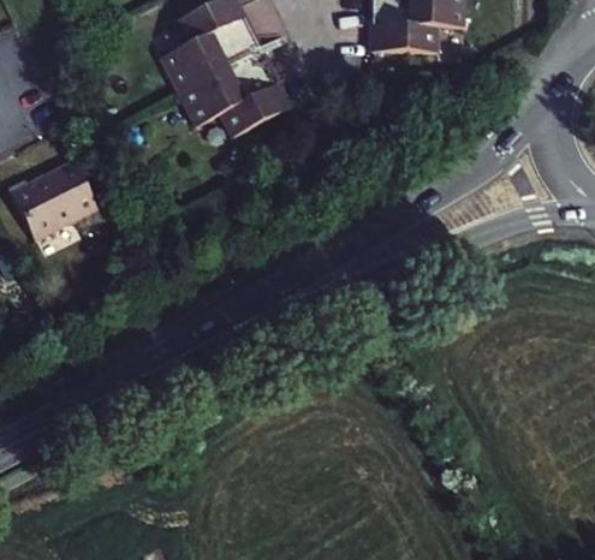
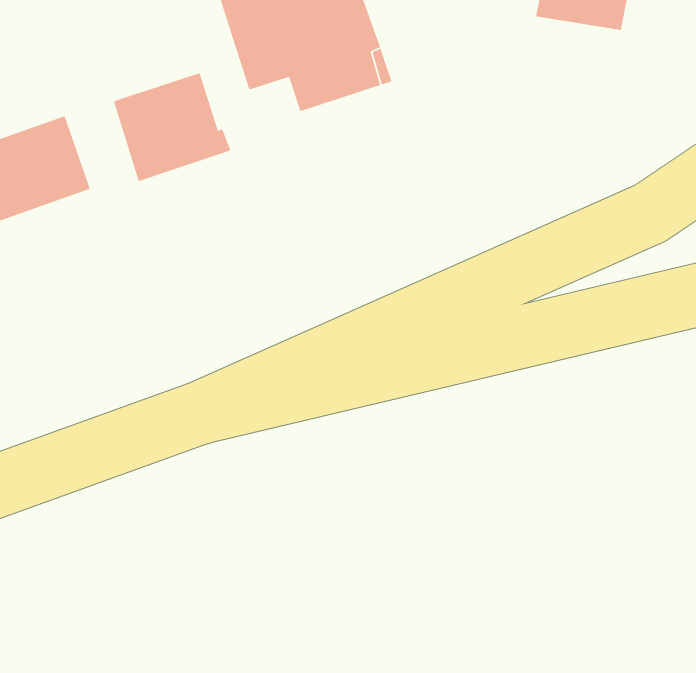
building: none -> [113,72,231,182]

